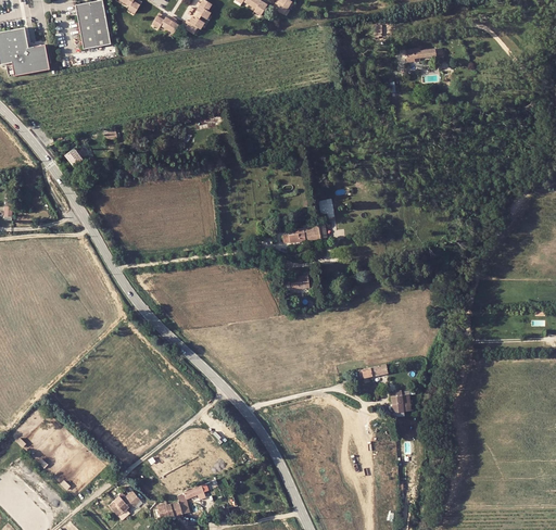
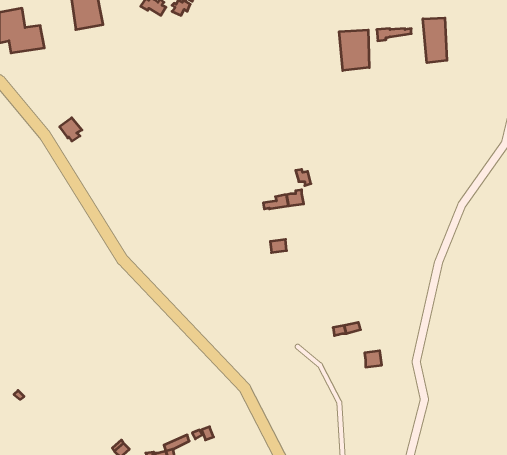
building: none -> [423,18,447,63]
building: none -> [339,30,369,71]

